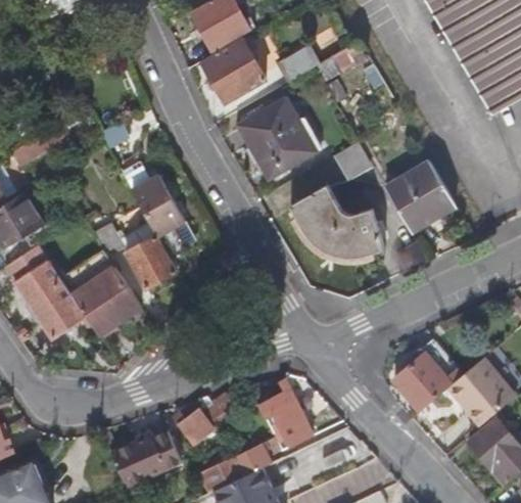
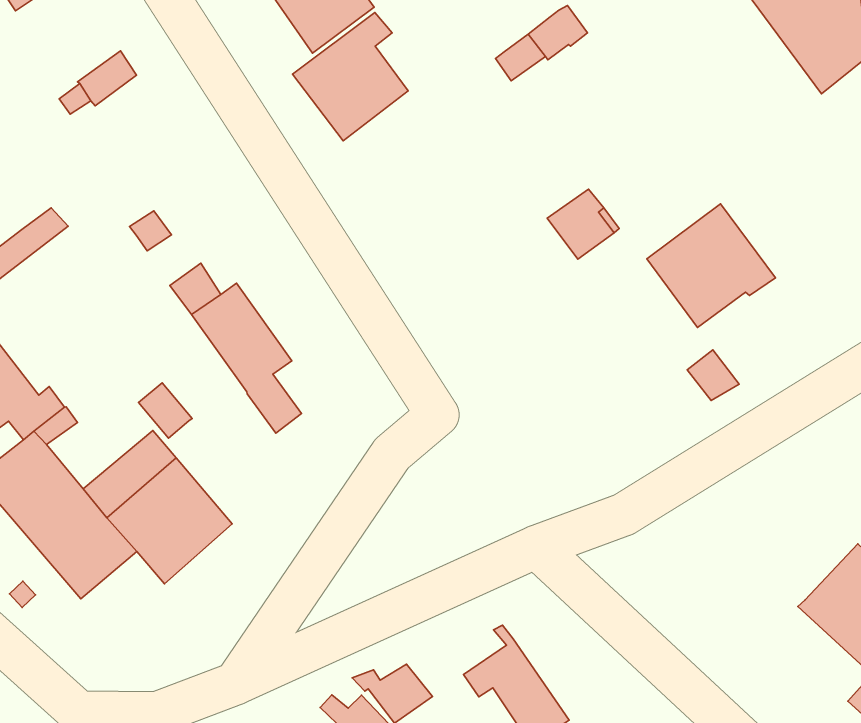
building: [275,45,319,82] -> none
building: [238,98,310,178] -> none
building: [289,186,383,259] -> none
building: [126,235,176,288] -> none
building: [392,338,449,411] -> none

